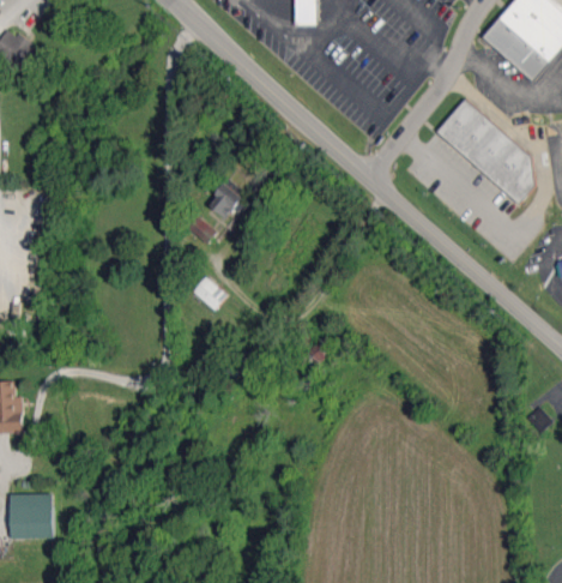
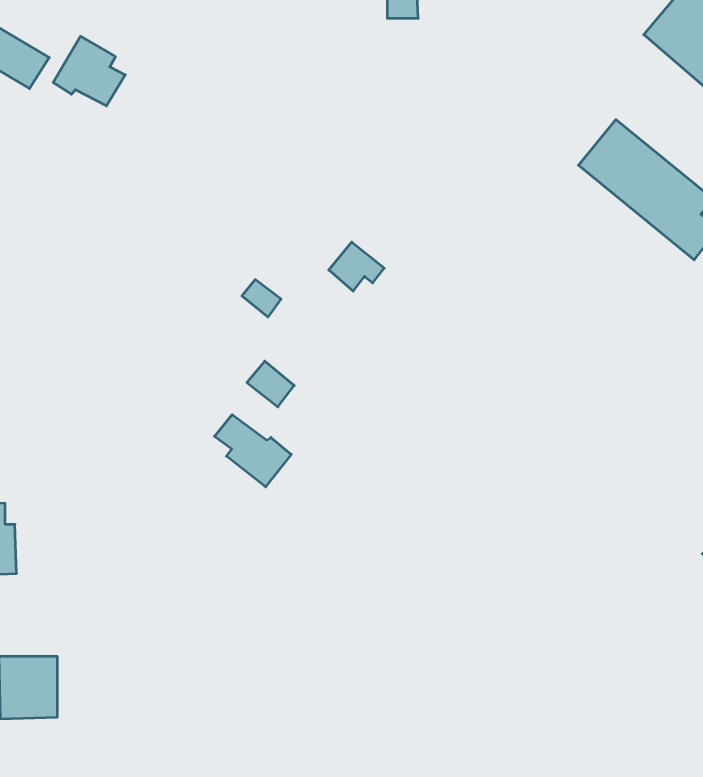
building: none -> [53,36,125,106]
building: [207,182,248,218] -> [329,242,384,291]
building: none -> [214,415,291,487]

